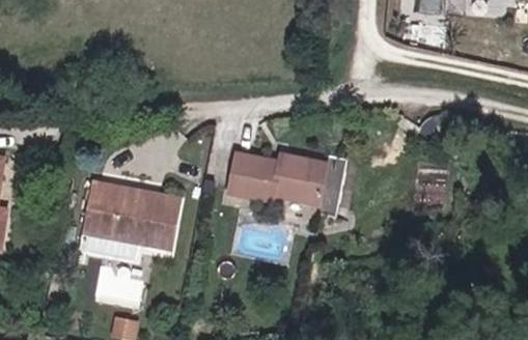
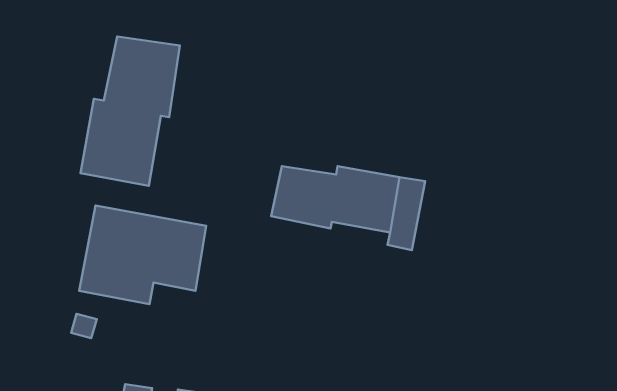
building: none -> [80,36,180,186]

